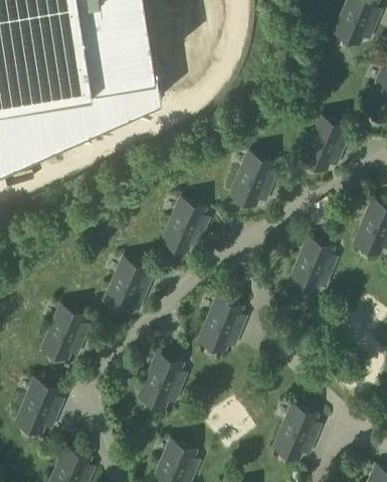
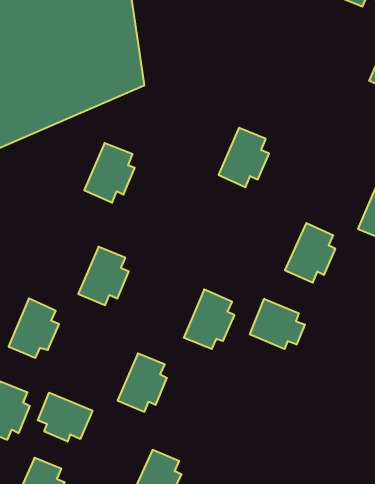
building: [301,116,346,169] -> none
building: [161,198,206,252] -> [84,143,135,203]
building: none -> [250,299,305,349]
building: none -> [38,393,92,442]
building: [273,405,318,458] -> none

